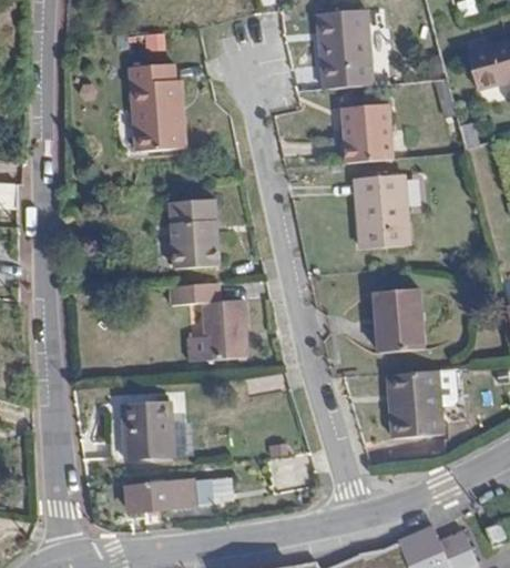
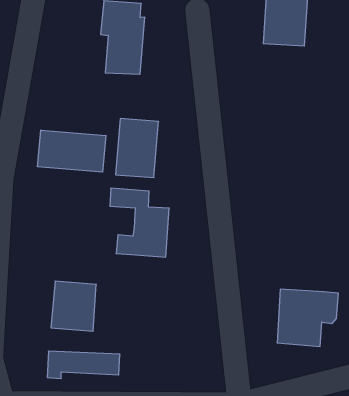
building: [340,103,391,162] -> none
building: [355,174,408,247] -> none
building: none -> [38,130,106,172]
building: [373,287,421,352] -> none

